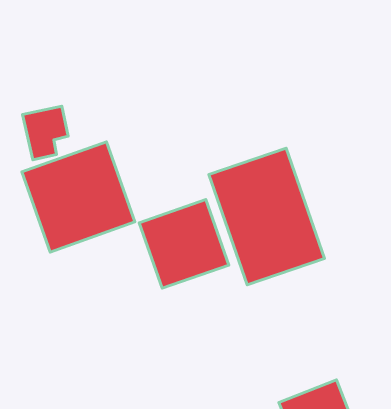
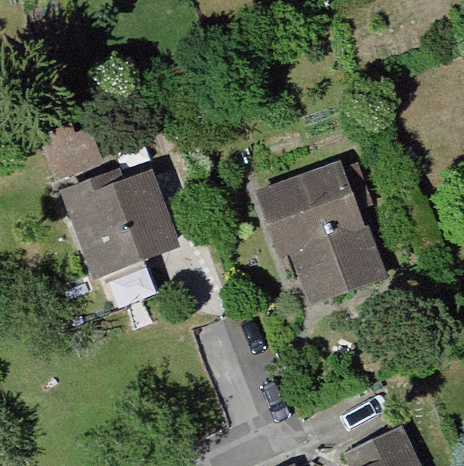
building: [139,200,229,288] -> none

